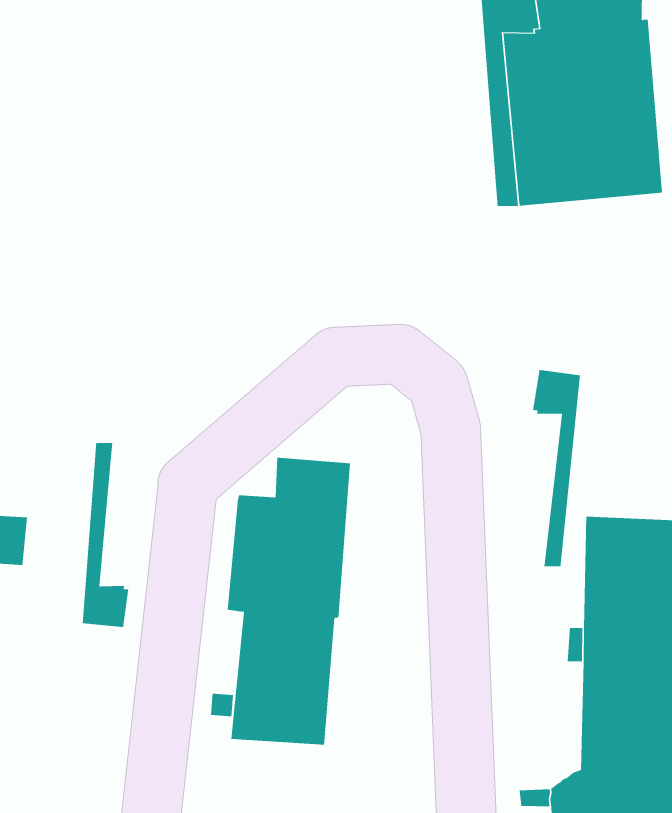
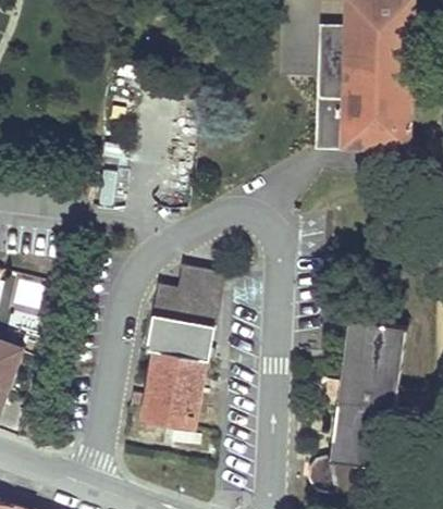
building: [532,369,580,567] -> none
building: [82,442,129,628] -> none

